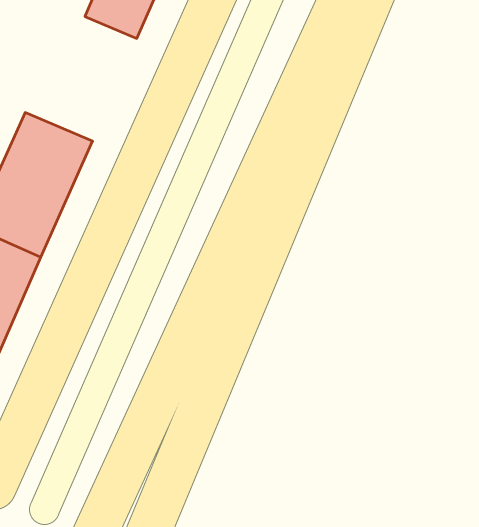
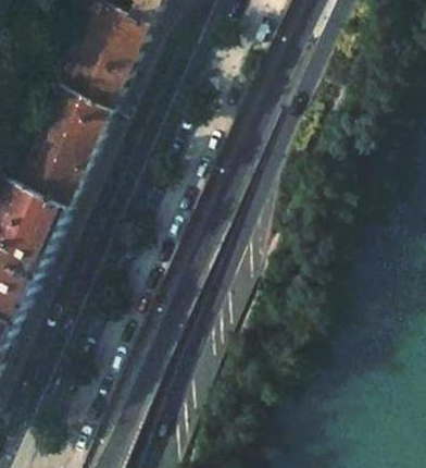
building: none -> [46,17,139,127]

